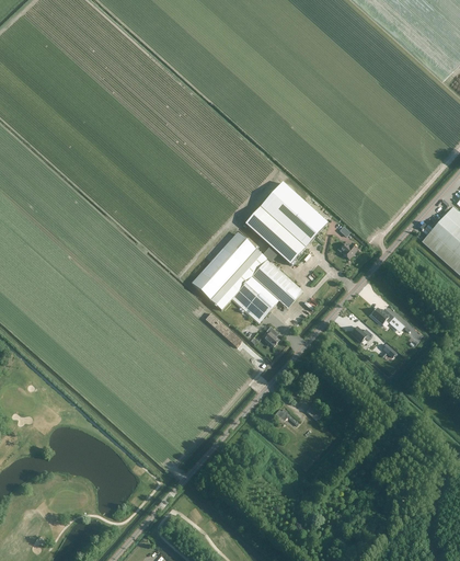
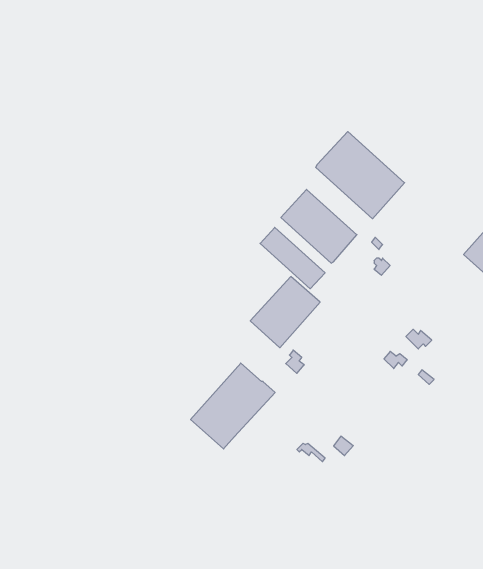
building: none -> [316,132,405,219]
building: [193,232,268,309] -> [191,363,275,449]

